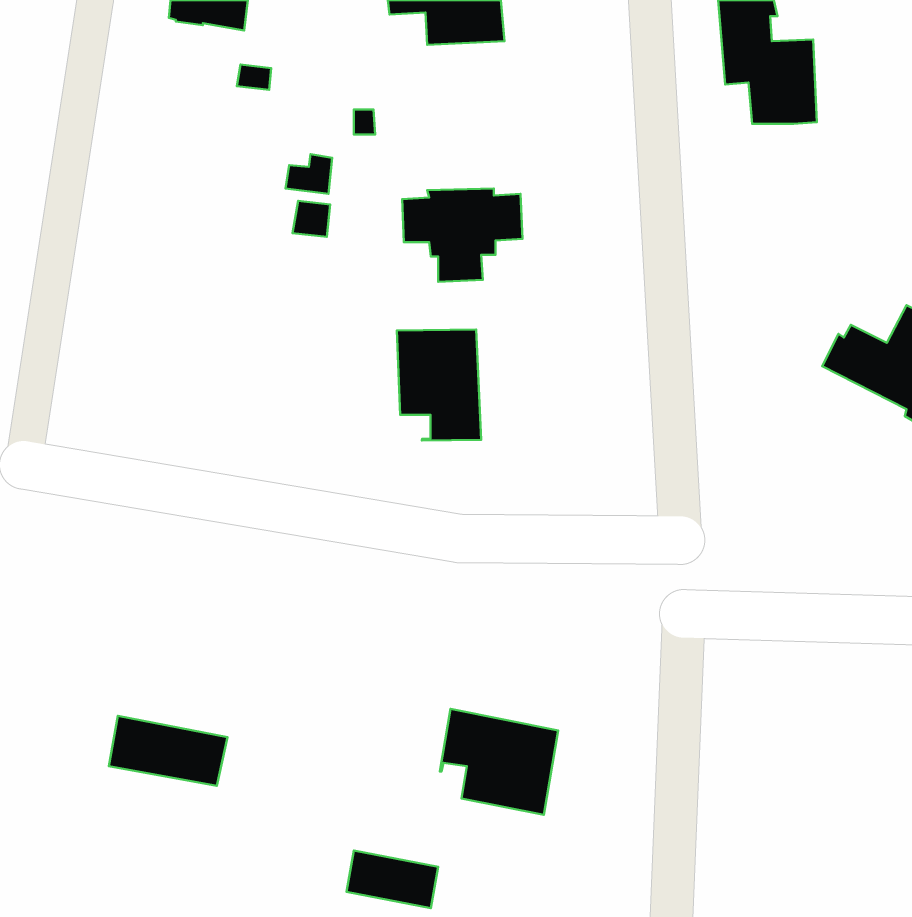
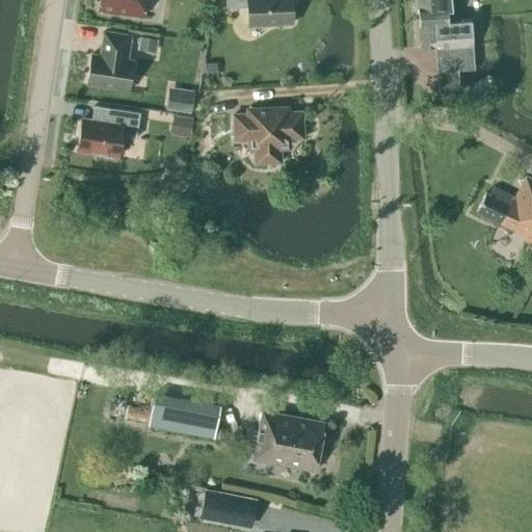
building: none -> [89,32,135,91]
building: none -> [79,106,141,160]
building: [397,329,481,441] -> none
building: [109,716,227,786] -> [152,398,220,438]

